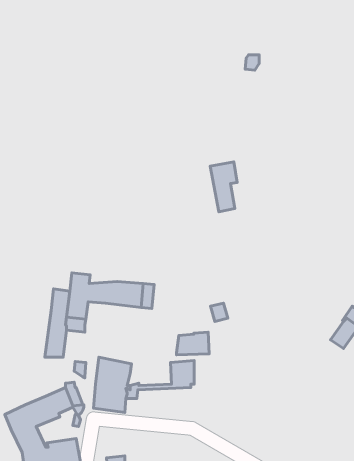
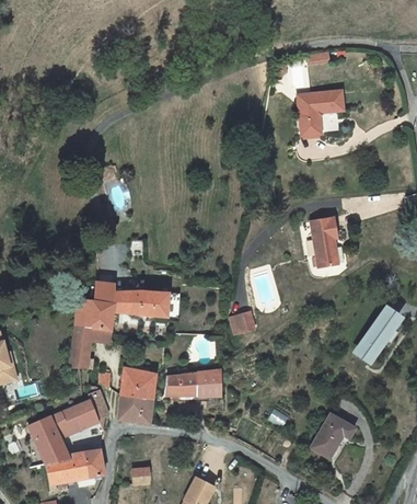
building: none -> [298,89,344,135]
building: [210,162,237,212] -> [310,217,337,267]
building: [177,332,209,355] -> [164,373,197,396]
building: none -> [311,414,355,458]

